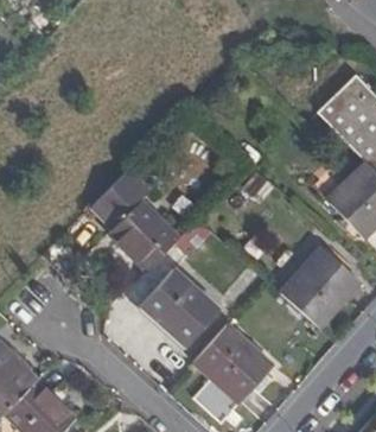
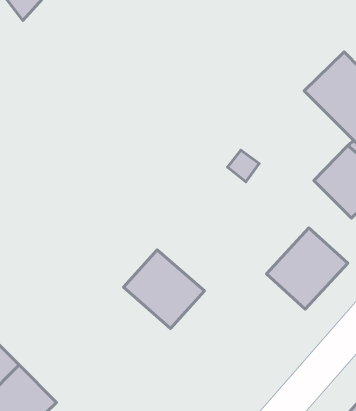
building: [91,169,180,271] -> none
building: [193,323,274,402] -> none

